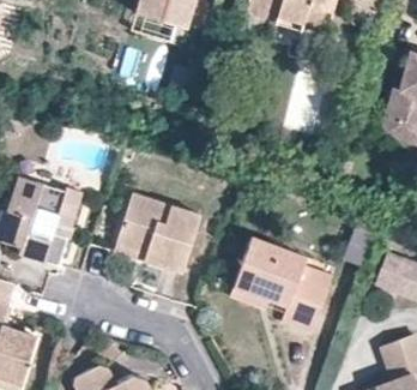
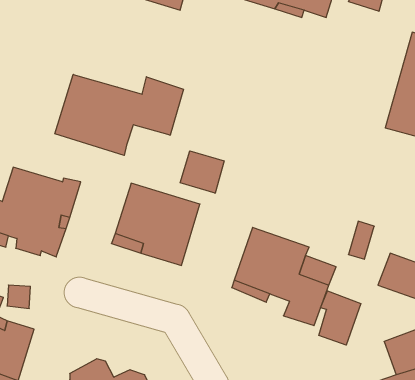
building: none -> [55,74,184,155]
building: none -> [180,151,224,193]
building: none -> [319,291,361,345]

